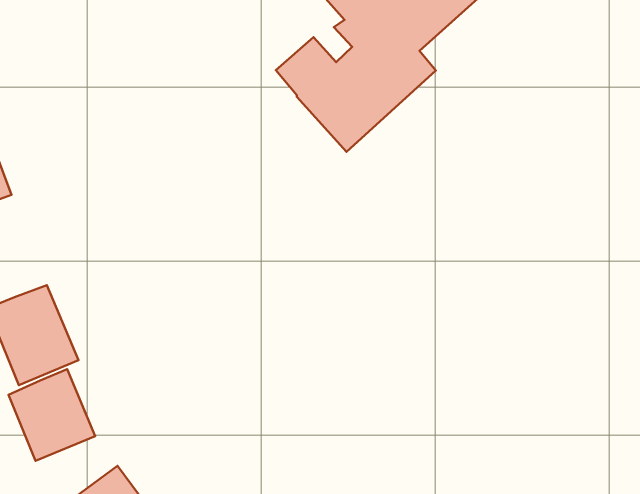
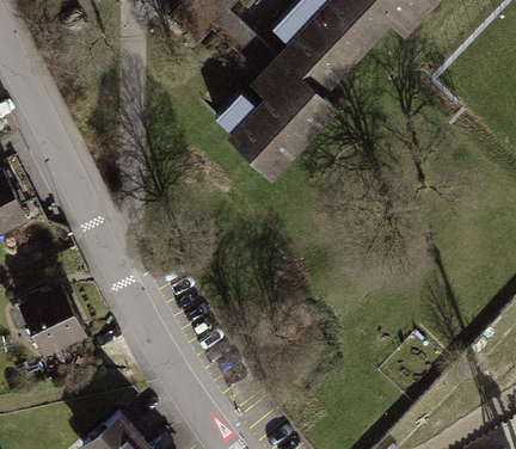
building: [9,369,95,461] -> none

